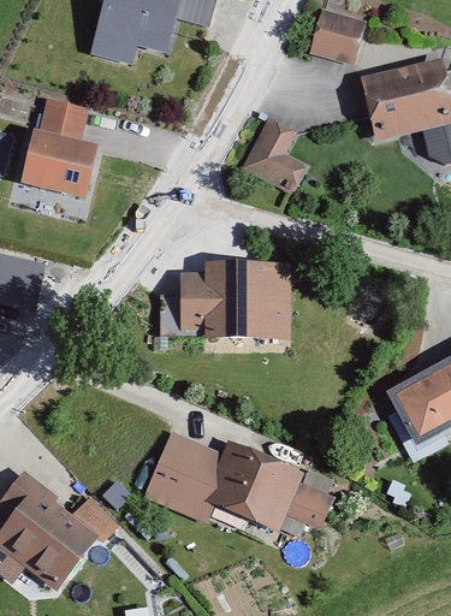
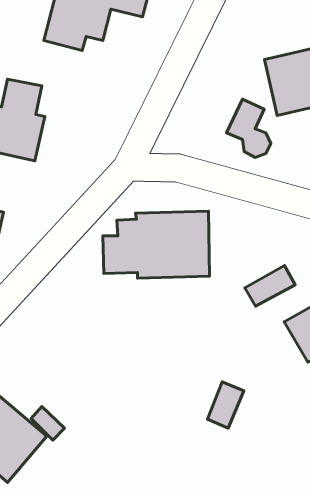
building: [311,11,367,61] -> none
building: [253,117,307,188] -> [227,99,271,157]
building: none -> [245,265,295,306]
building: [146,431,298,532] -> none

